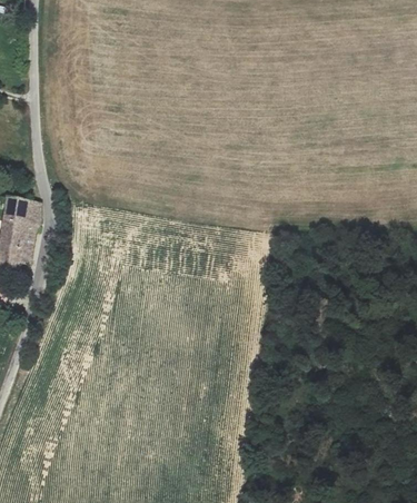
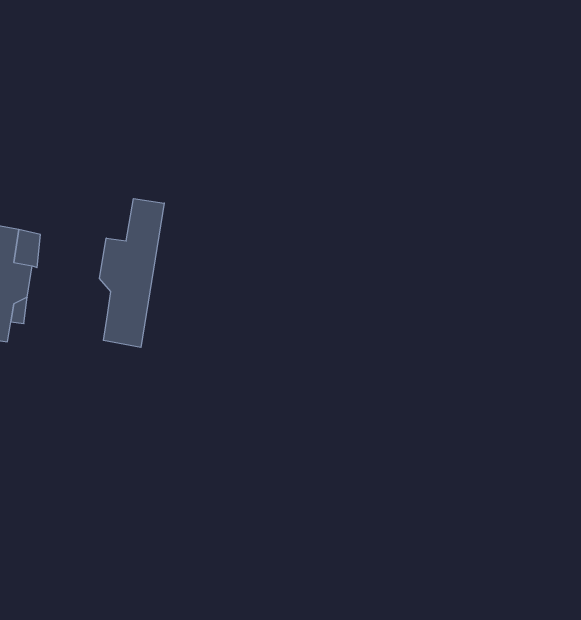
building: none -> [100,199,164,347]

